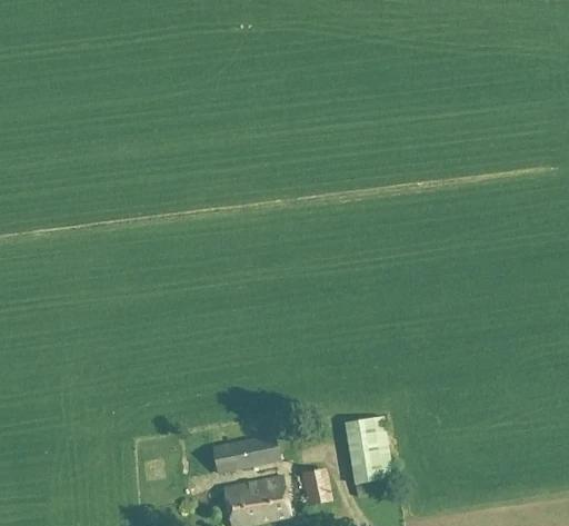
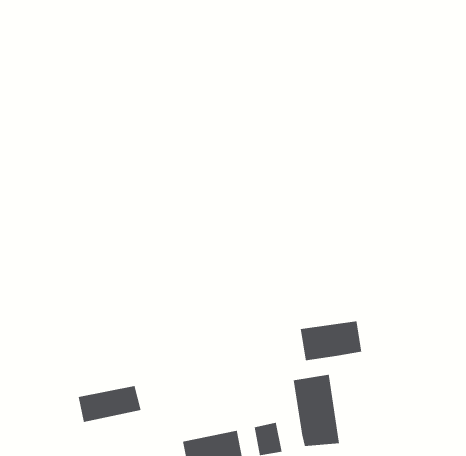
building: none -> [300,320,362,361]
building: [211,433,280,473] -> [78,386,141,422]

